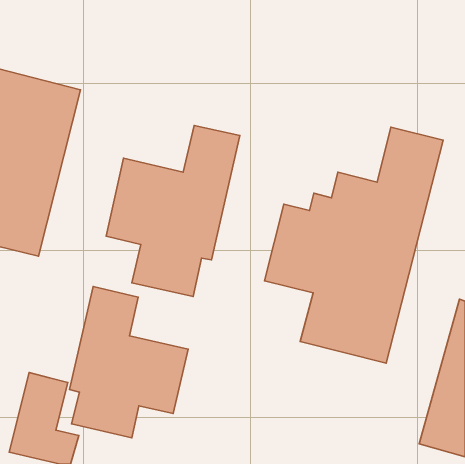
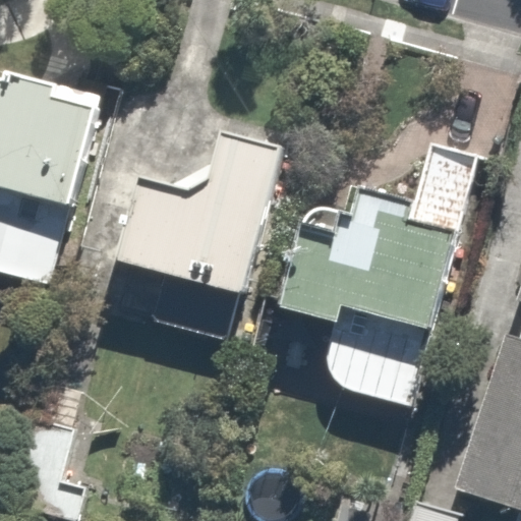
building: [70,286,188,438] -> none

